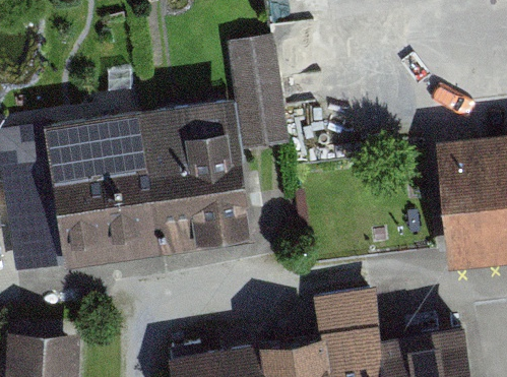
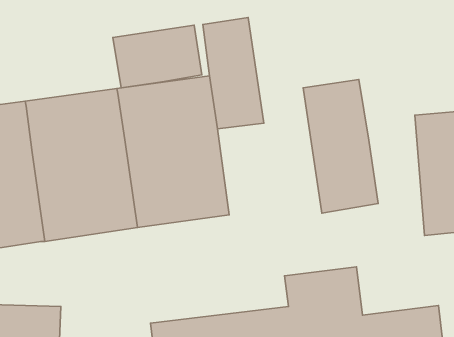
building: none -> [113,25,202,88]
building: none -> [303,80,378,213]

